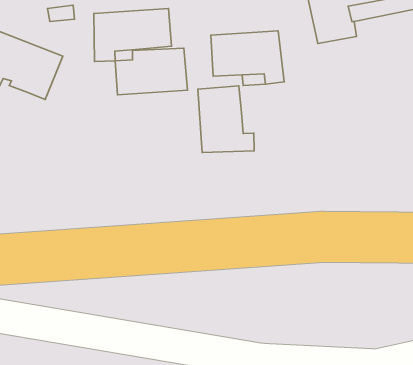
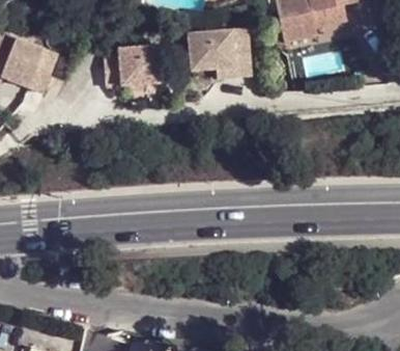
building: [94,8,171,61] -> none
building: [198,86,254,152] -> none

